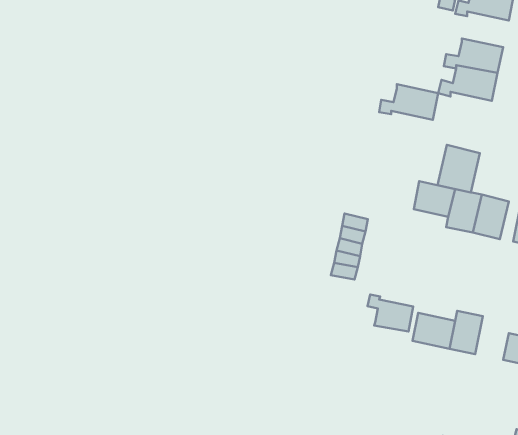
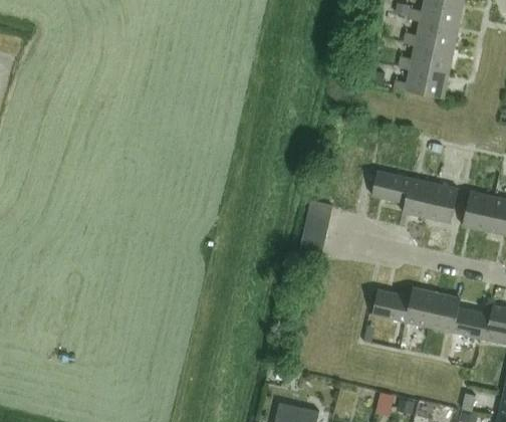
building: [379,84,438,120] -> [405,18,458,50]
building: [437,145,480,192] -> none
building: [368,294,413,332] -> none
building: none -> [428,292,460,332]

